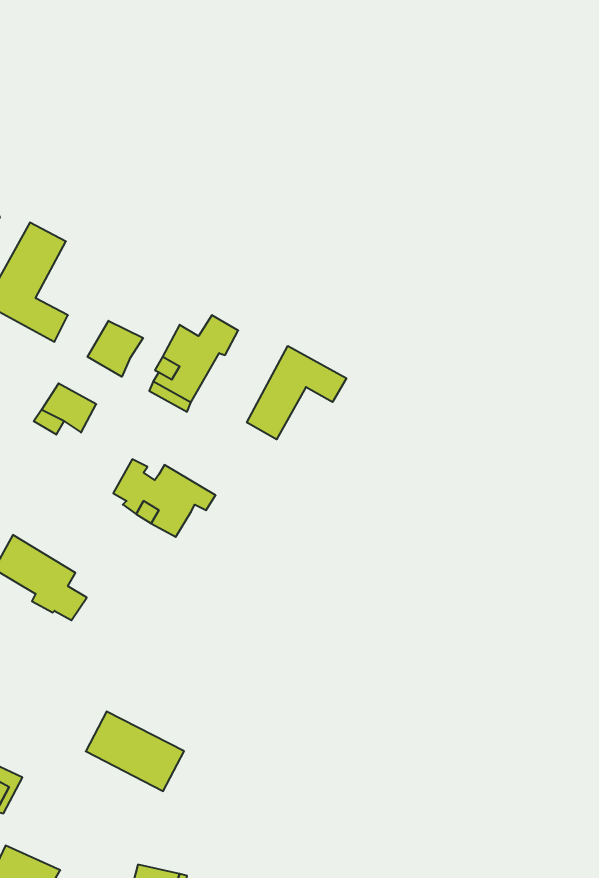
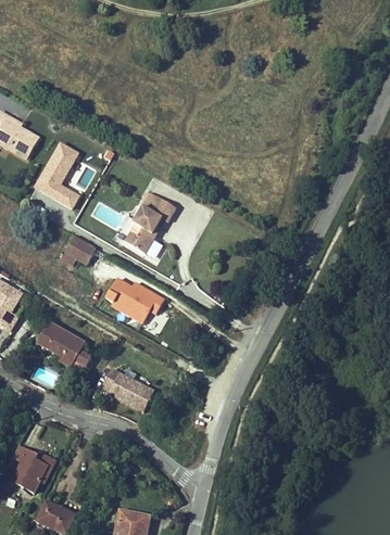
building: [88,321,143,377] -> none
building: [247,346,346,439] -> none
building: [86,711,184,791] -> [99,368,155,413]

